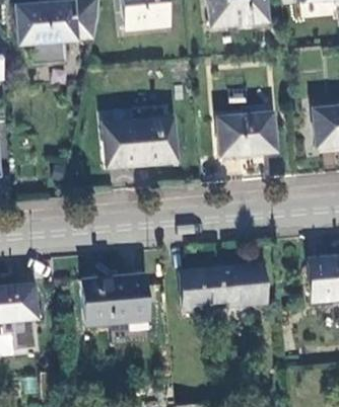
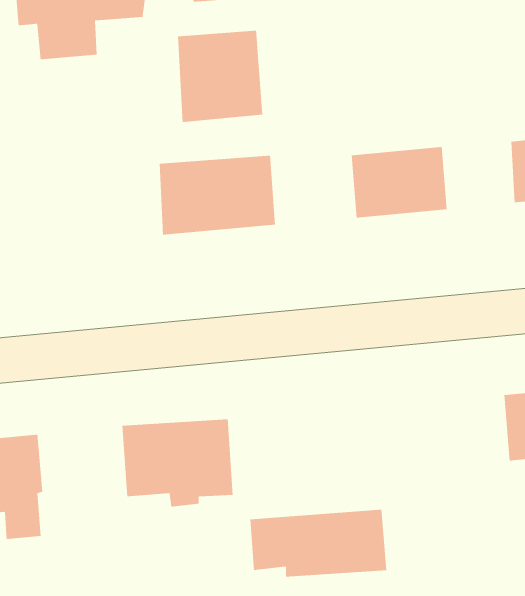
building: none -> [177,30,263,123]
building: [182,265,264,306] -> [250,509,387,577]

